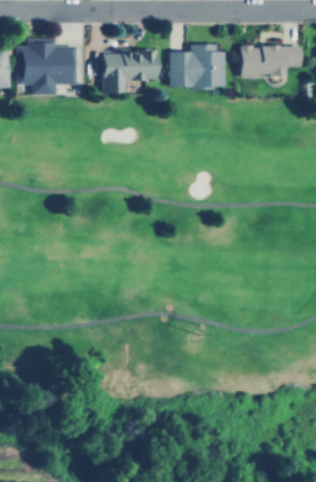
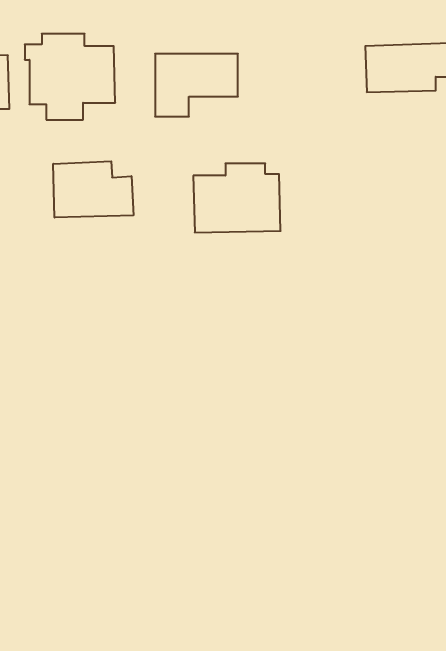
building: [170,44,227,89] -> [193,163,281,232]
building: none -> [53,161,133,218]

